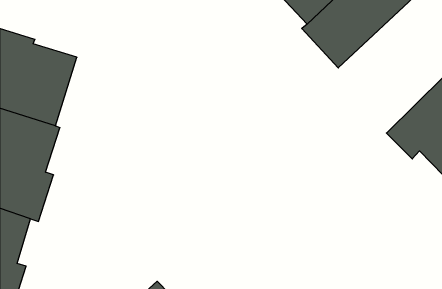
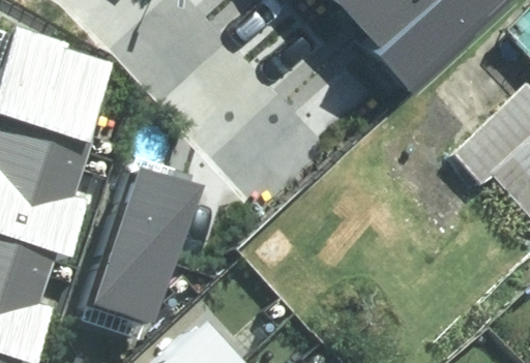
building: none -> [93,178,193,330]

